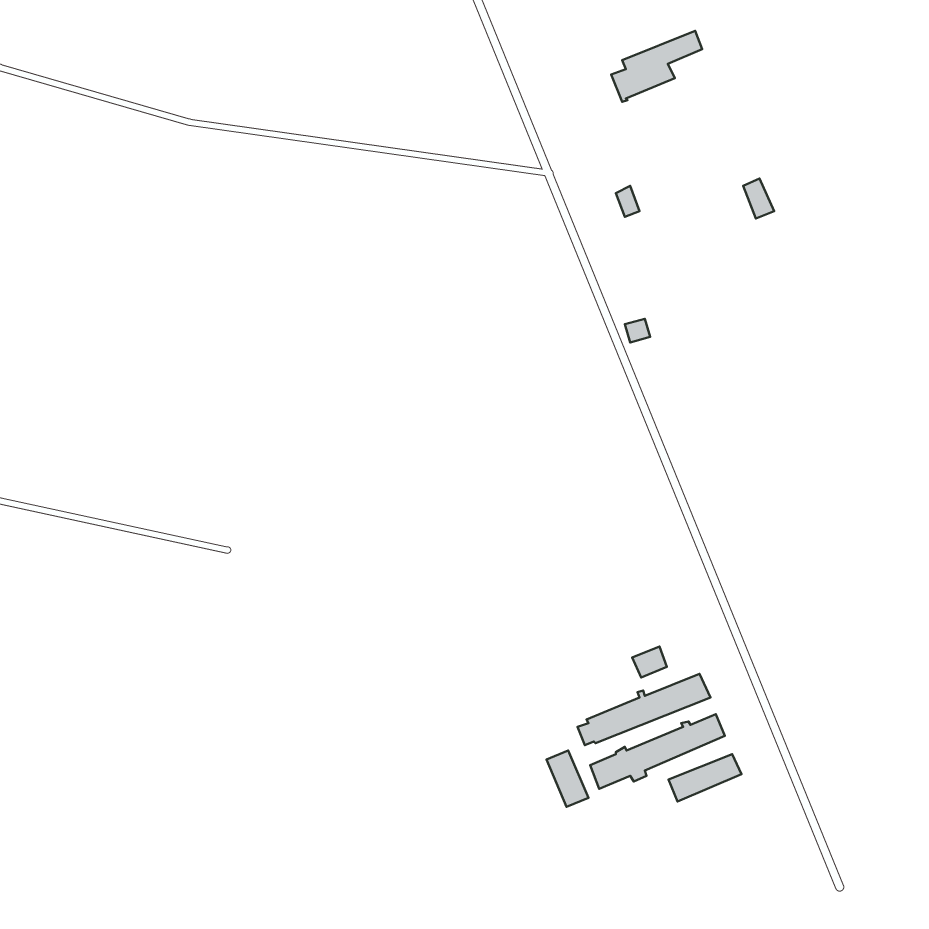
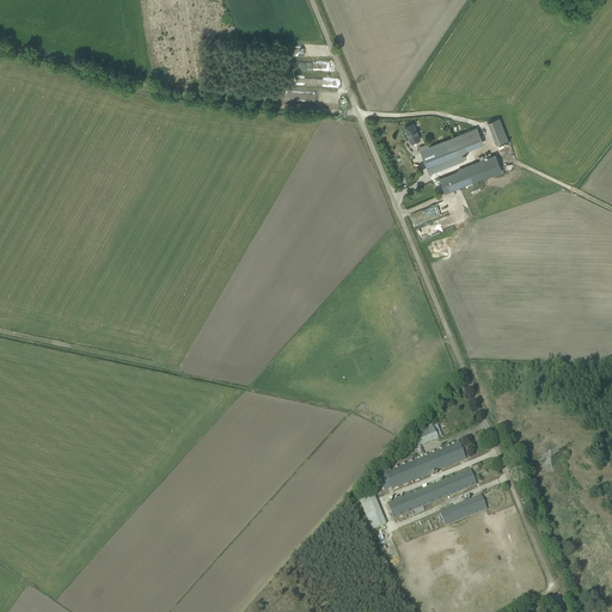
building: [611,31,702,102] -> [423,127,483,173]
building: none -> [440,155,495,192]

